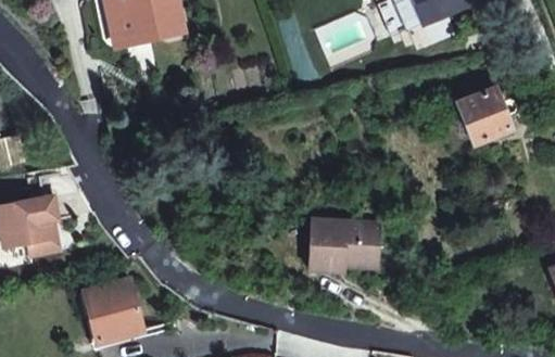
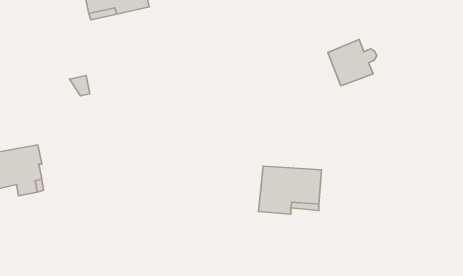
building: [458,87,516,141] -> [328,40,377,86]
building: [85,280,140,342] -> none

